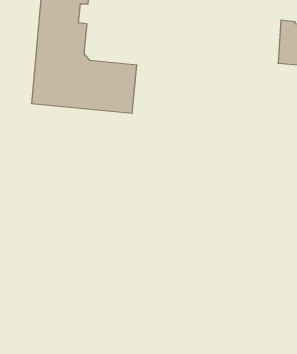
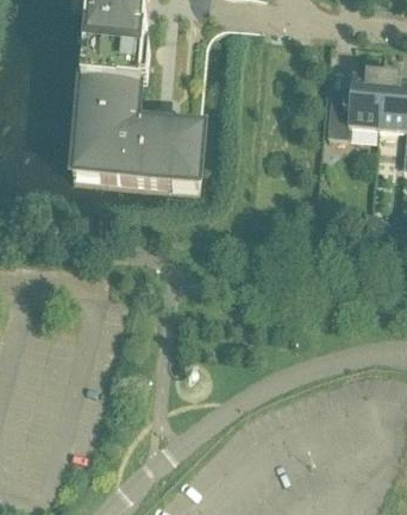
building: none -> [326,69,382,133]

